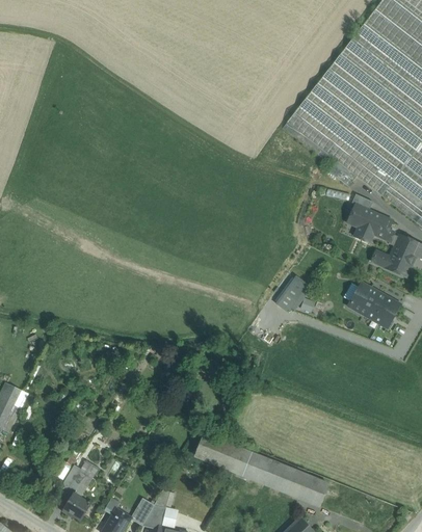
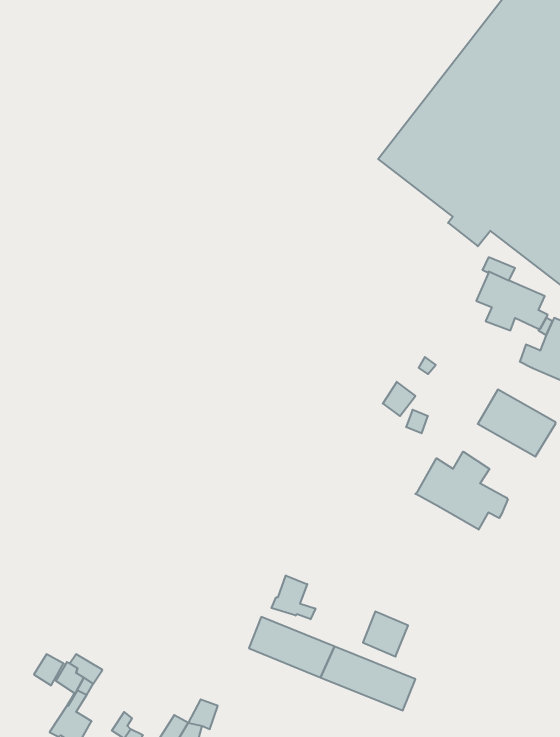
building: none -> [415,452,508,530]
building: none -> [271,575,315,619]
building: [298,475,328,505] -> [363,611,408,657]

